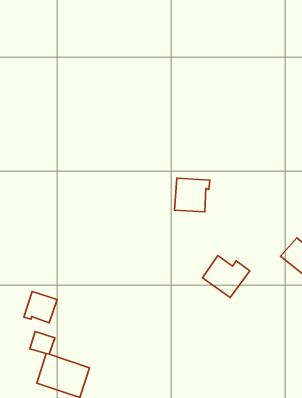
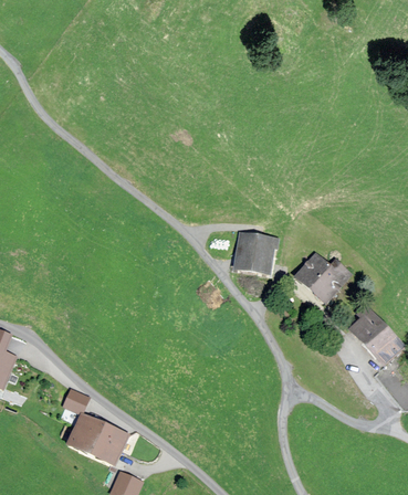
building: [203,256,250,297] -> [296,253,349,301]
building: [24,292,57,323] -> none

